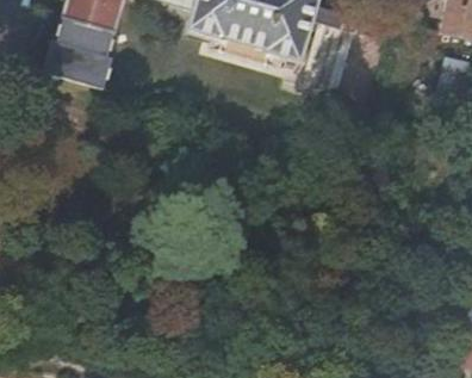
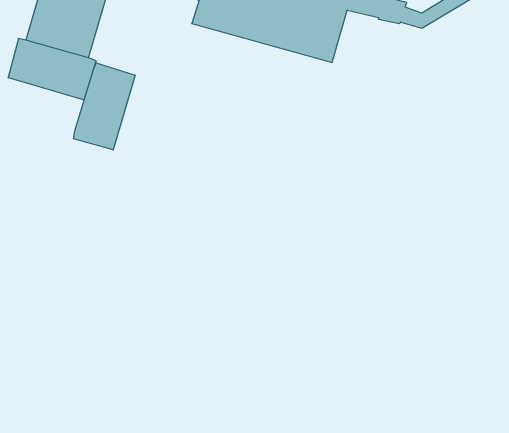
building: none -> [73,63,135,150]

